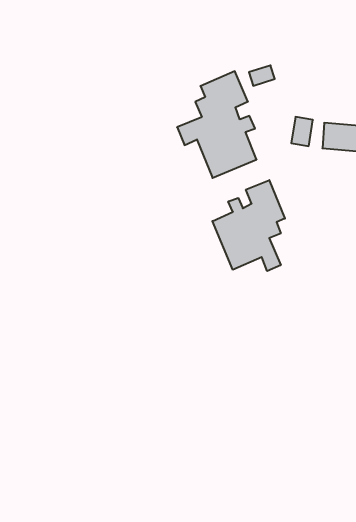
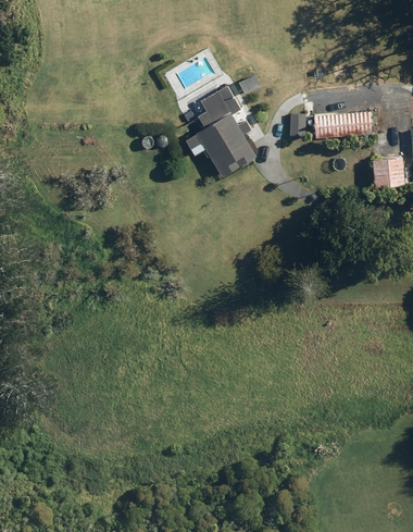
building: [212,180,285,271] -> none

